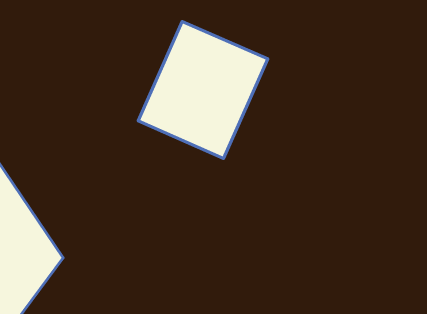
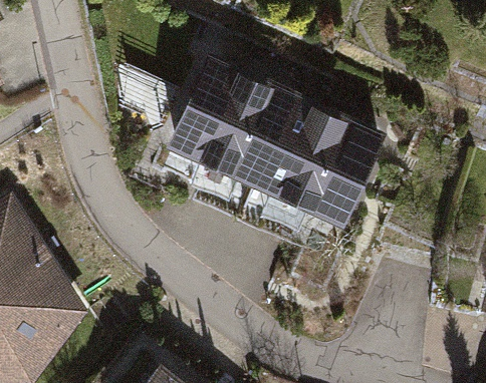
building: none -> [249,95,384,239]

